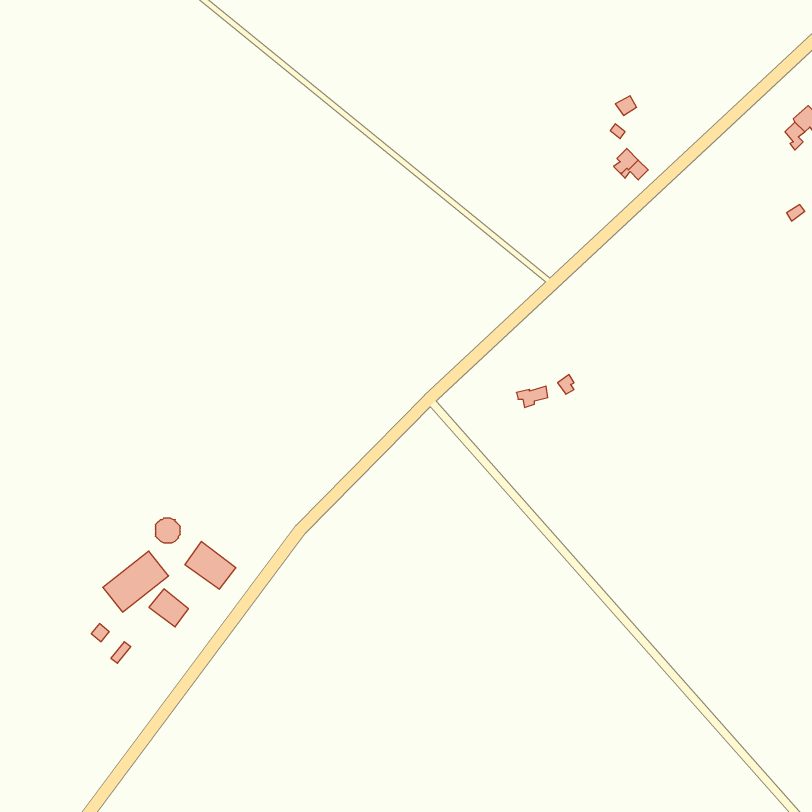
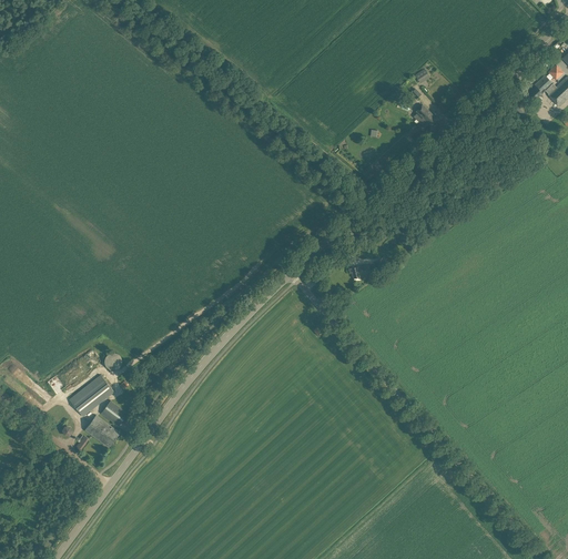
building: [185,541,236,589] -> [85,415,120,447]

